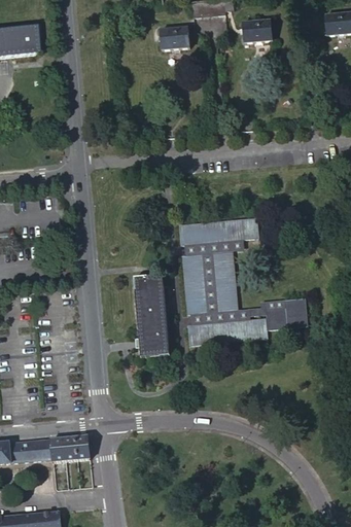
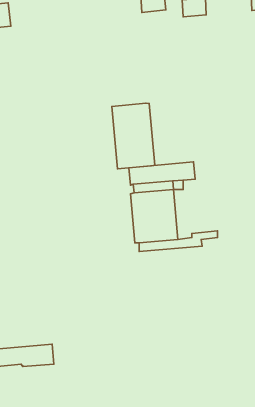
building: [161,27,190,49] -> none
building: none -> [112,103,155,169]
building: [135,274,170,356] -> none
building: [188,297,309,344] -> none

